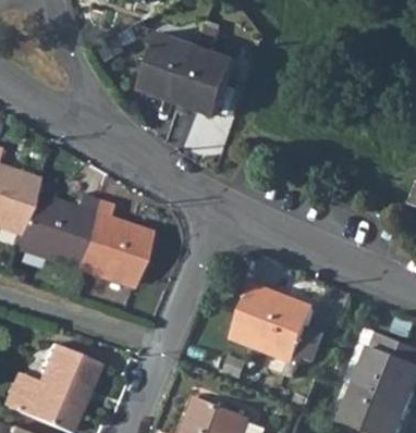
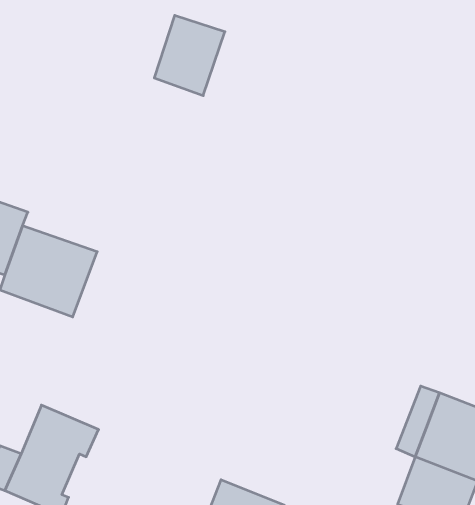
building: [183,41,237,104] -> none
building: [78,218,155,289] -> none
building: [230,290,310,362] -> none

